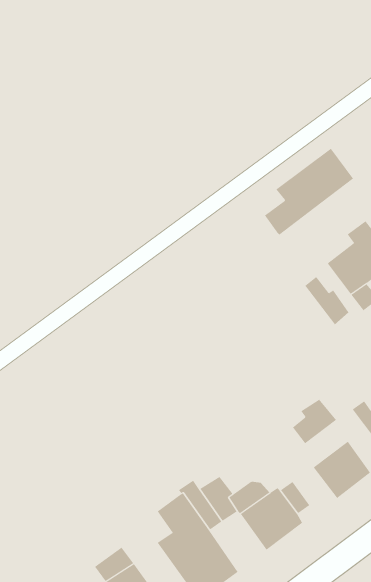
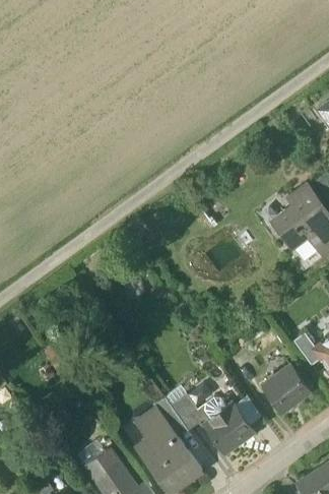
building: [264,148,354,236] -> none
building: [305,276,349,325] -> none
building: [292,399,337,444] -> none

